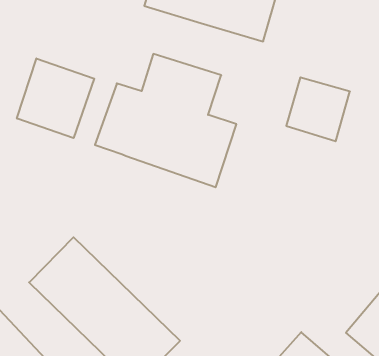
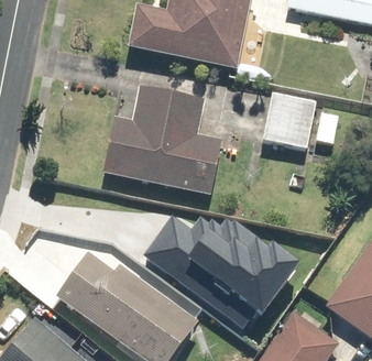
building: [17,58,94,138] -> none
building: none -> [150,205,282,315]

